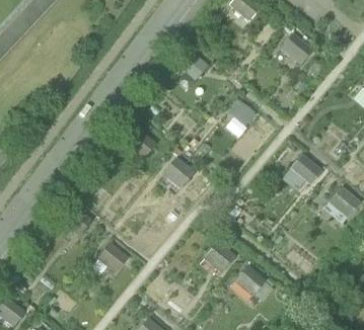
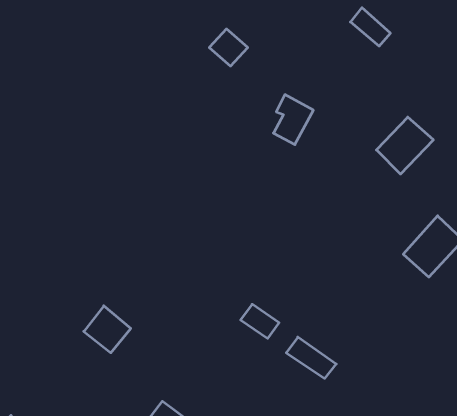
building: [284,150,324,190] -> [376,117,433,174]
building: [166,154,199,186] -> none

